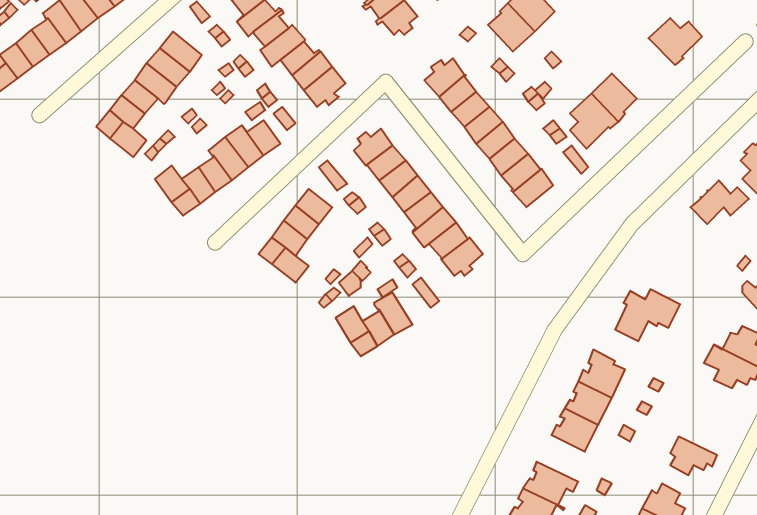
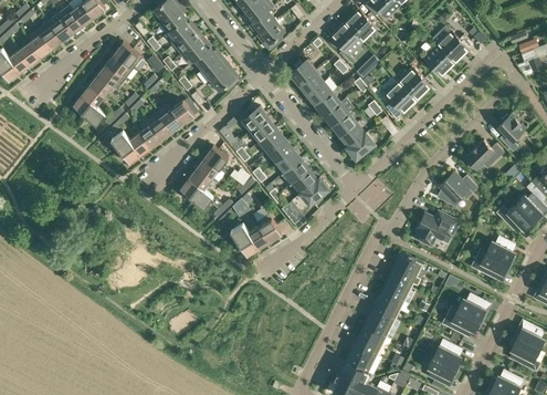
building: none -> [423,46,454,76]
building: none -> [435,173,476,207]
building: none -> [456,293,485,322]
building: none -> [362,309,399,340]

